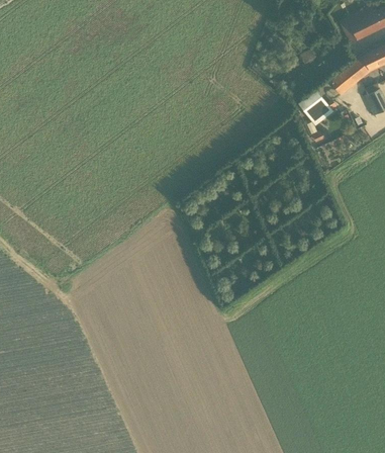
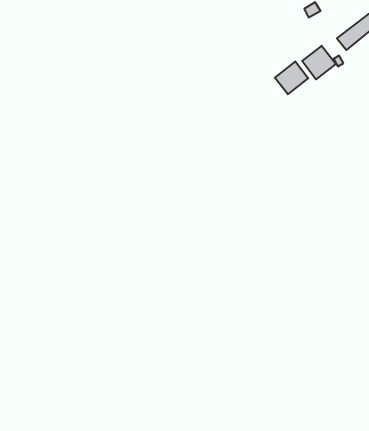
building: none -> [275,61,308,94]

